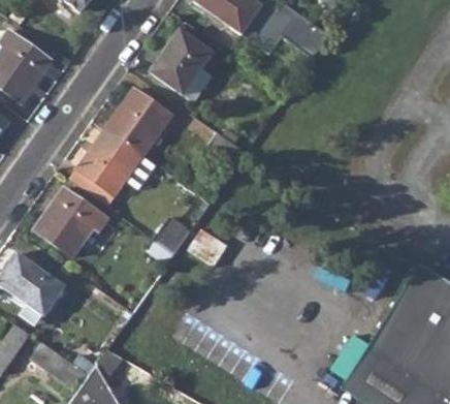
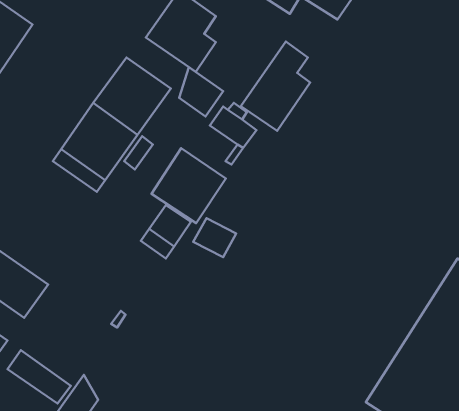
building: none -> [241,42,310,131]
building: none -> [179,67,223,117]
building: none -> [152,148,226,223]
building: [35,187,108,257] -> none

